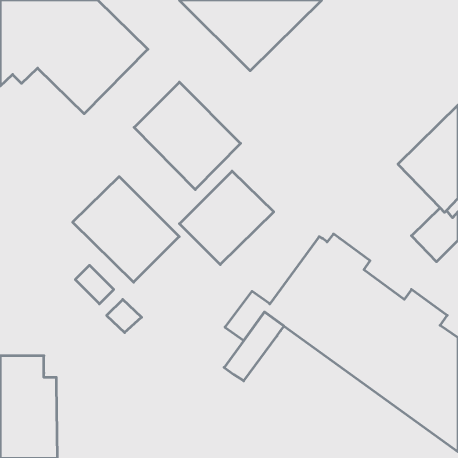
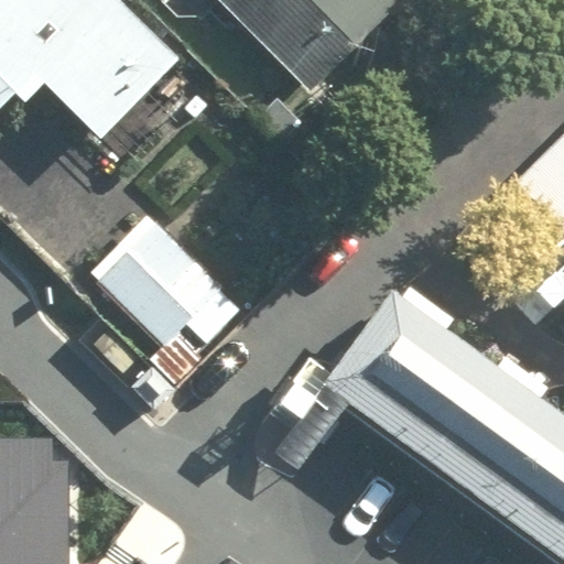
building: [134,82,241,190] -> none
building: [179,171,274,265] -> none

